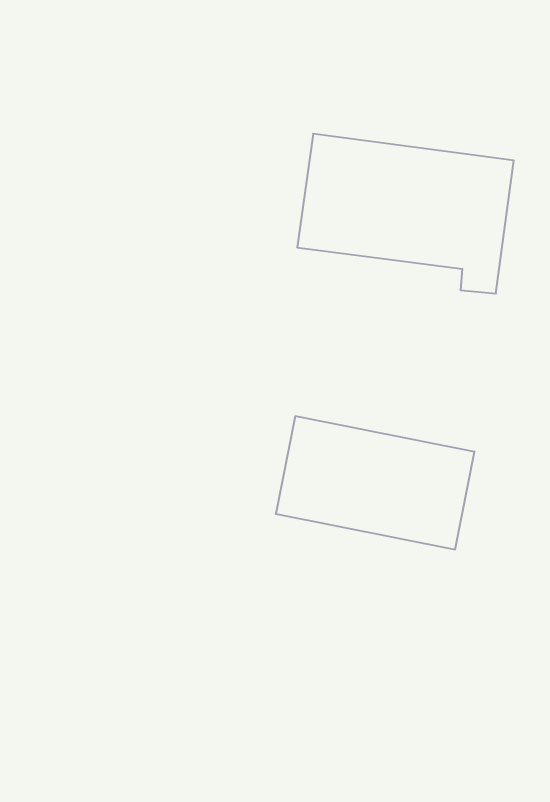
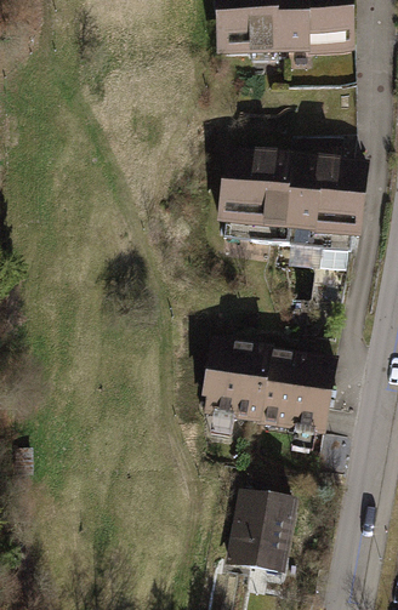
building: none -> [223,490,292,572]

